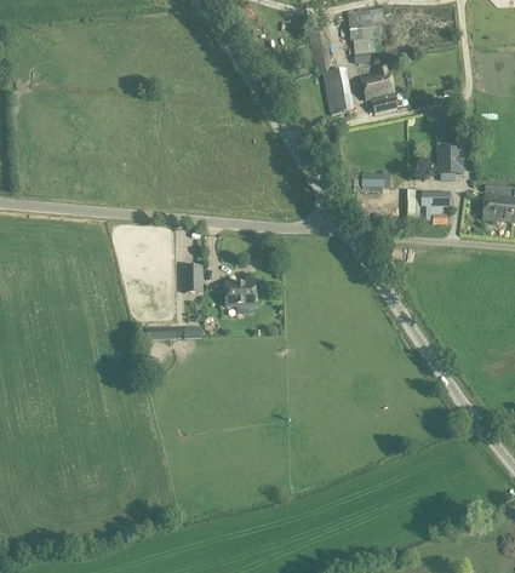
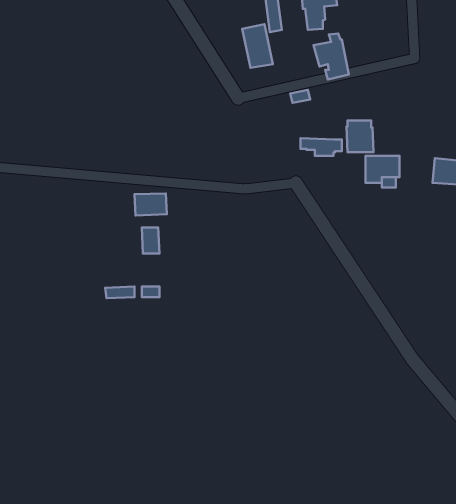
building: [321,69,353,114] -> [242,24,273,68]
building: [435,141,463,173] -> [346,120,374,152]
building: none -> [134,194,167,216]
building: [224,281,257,313] -> none

